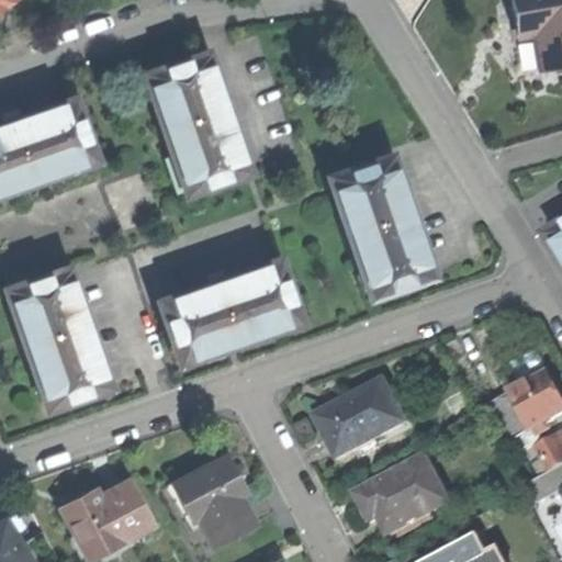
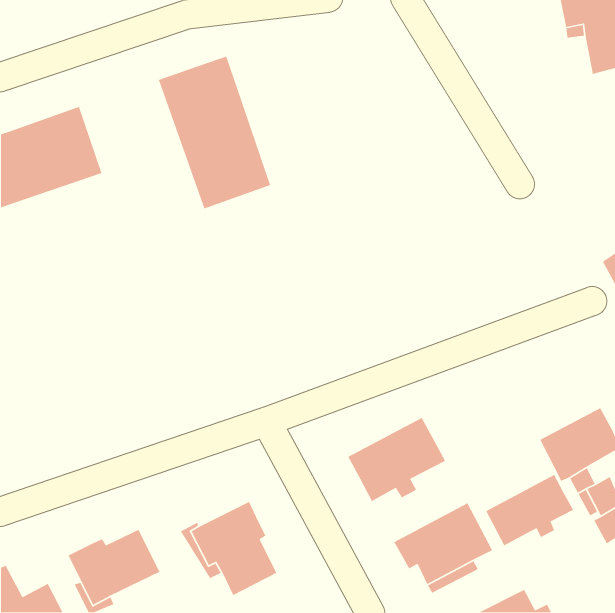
building: [336,155,432,292] -> none
building: [161,260,300,359] -> none
building: [7,268,109,406] -> none
building: none -> [485,474,574,547]

